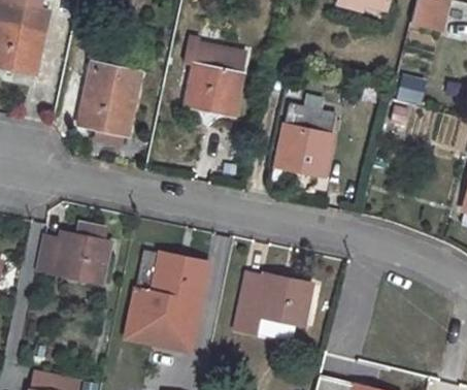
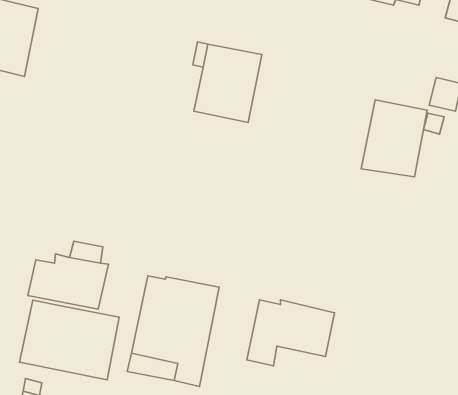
building: [78,63,140,135] -> none
building: [276,106,335,175] -> [361,100,427,177]
building: none -> [19,300,119,380]

